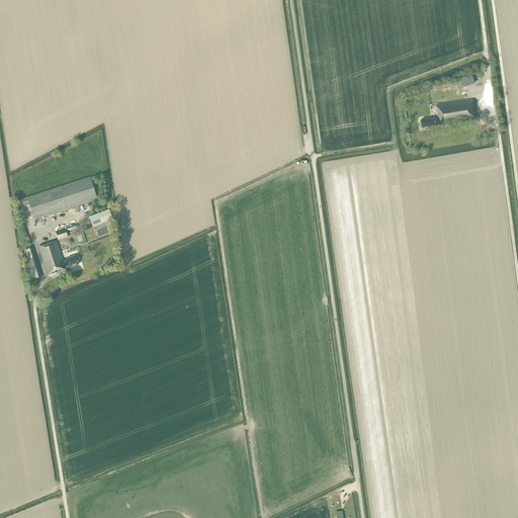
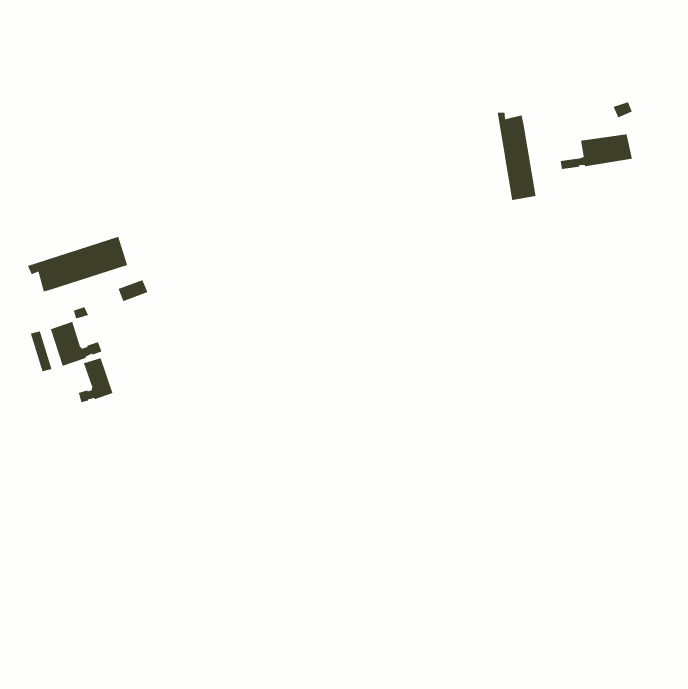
building: none -> [497,112,536,201]
building: none -> [78,357,114,403]

